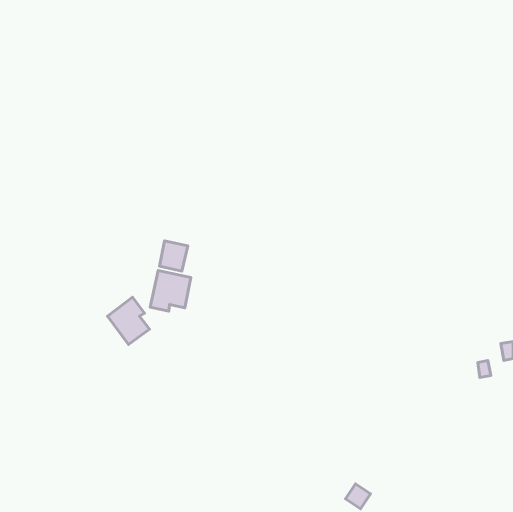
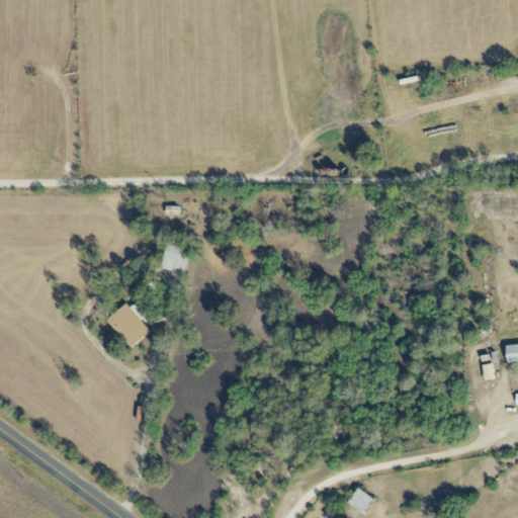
building: [150,270,191,311] -> none

